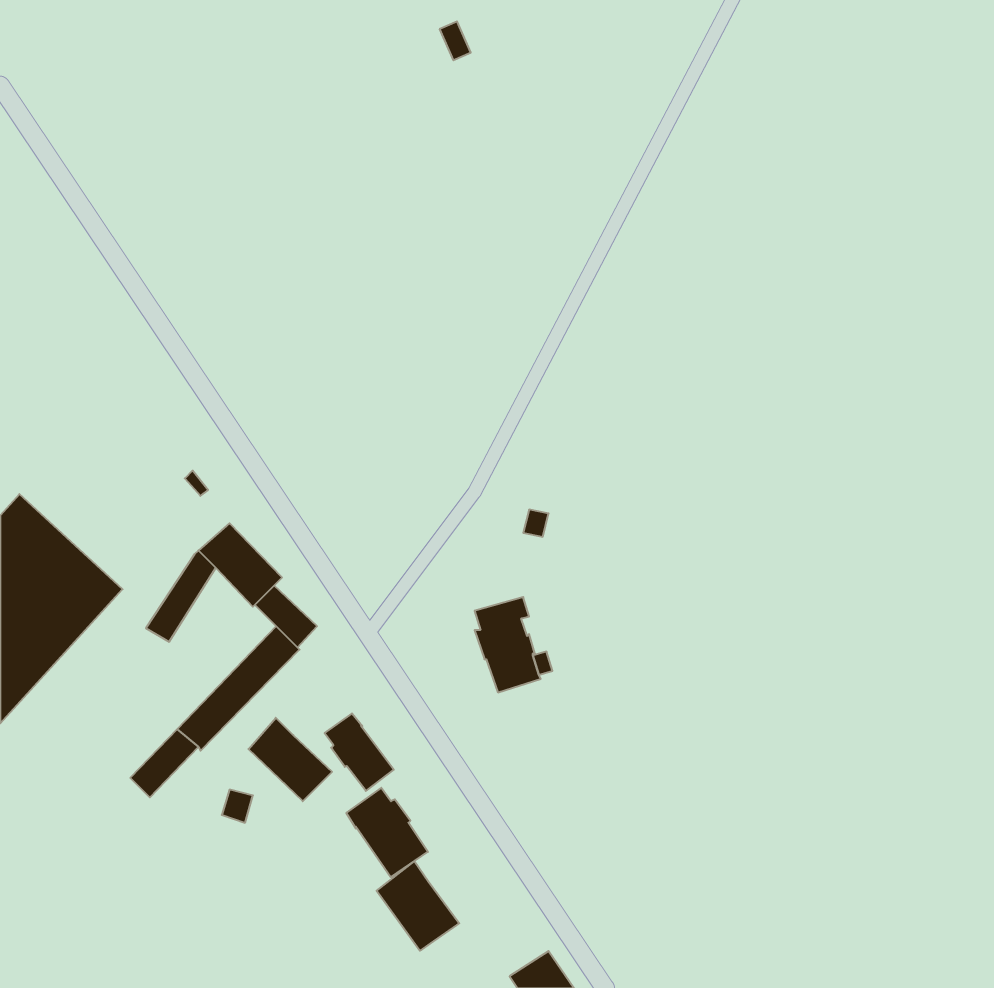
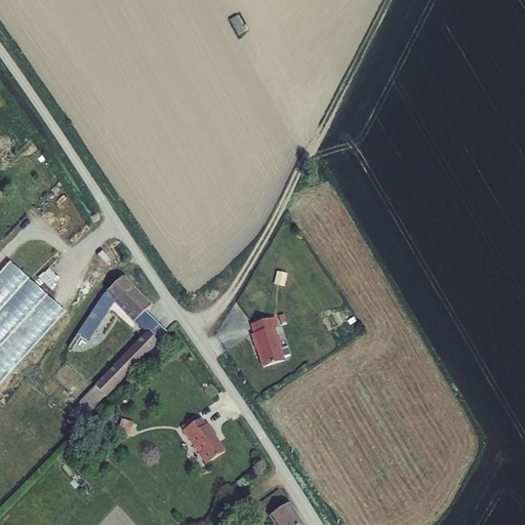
building: [325,713,394,791] -> none
building: [248,718,332,801] -> none
building: [377,861,459,951] -> none

